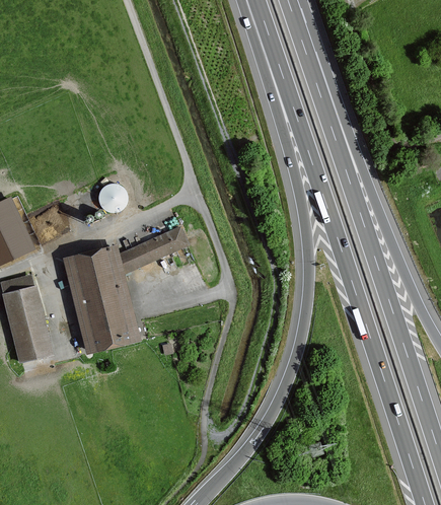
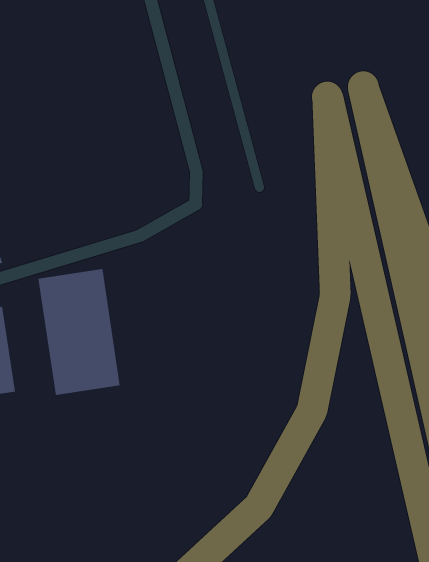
building: [98,182,128,209] -> none
building: [122,227,189,271] -> none

